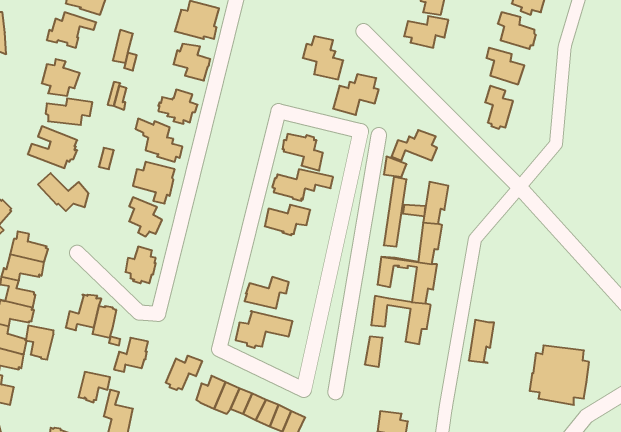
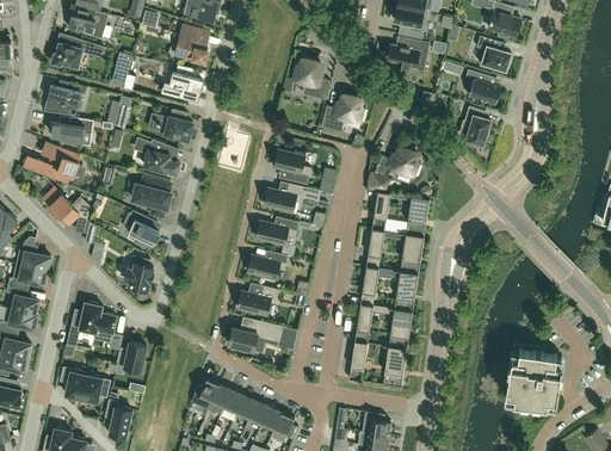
building: none -> [246,253,288,282]
building: [469,320,494,363] -> [382,347,406,388]
building: [26,325,54,360] -> [60,367,86,400]
building: [166,356,202,390] -> none

